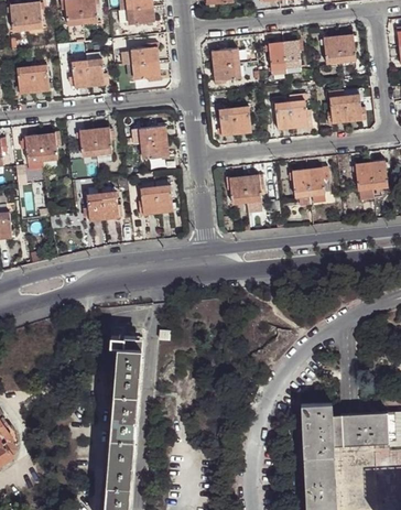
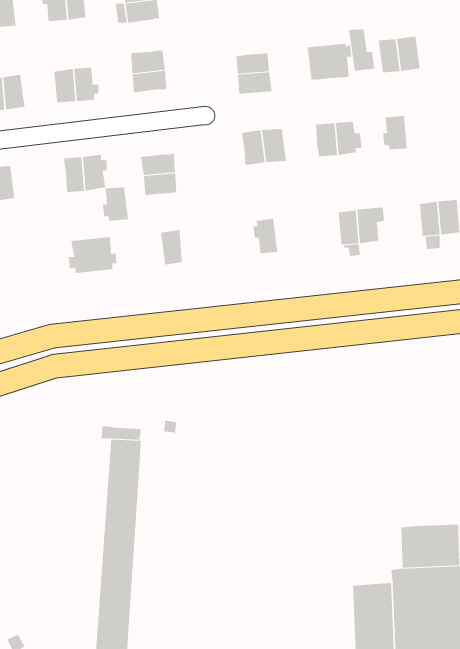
building: none -> [349,28,375,72]
building: [343,89,365,122] -> none
building: [39,133,61,161] -> none
building: [242,175,262,203] -> none
building: [137,187,158,214] -> [102,187,129,221]
building: [300,405,342,460] -> none

